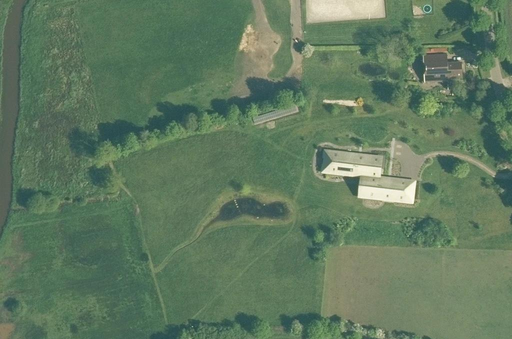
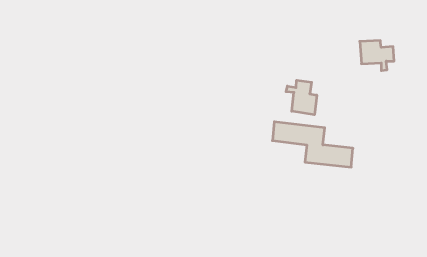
building: none -> [286,80,317,115]

